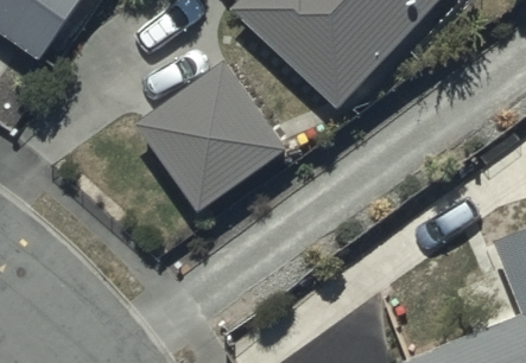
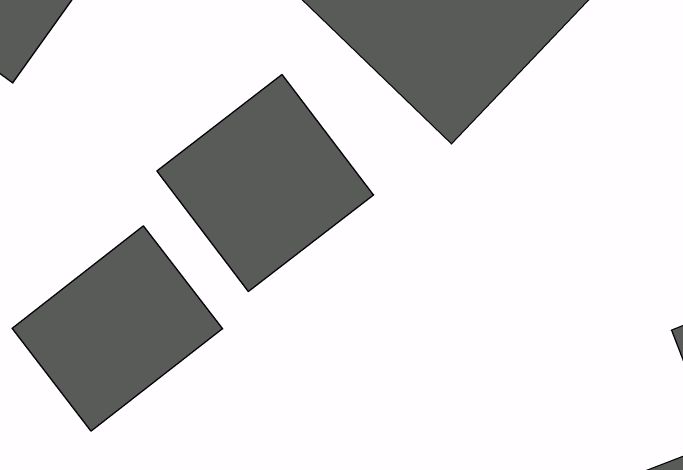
building: none -> [12,226,223,431]

